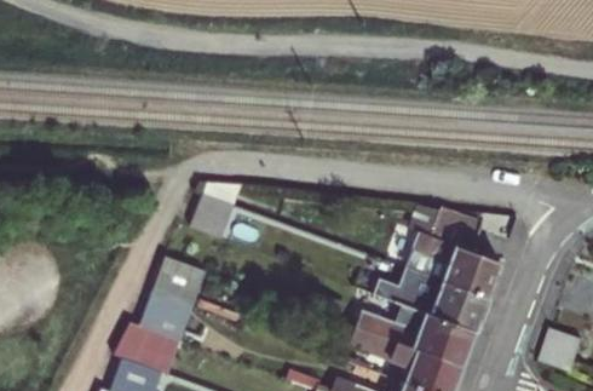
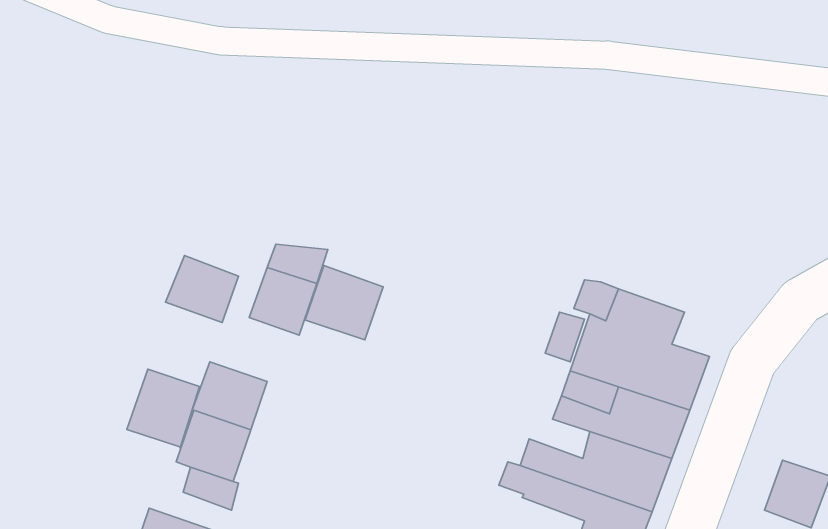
building: none -> [165,256,238,322]
building: none -> [304,266,383,340]
building: none -> [127,369,200,448]

